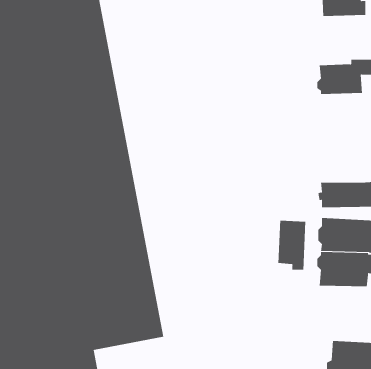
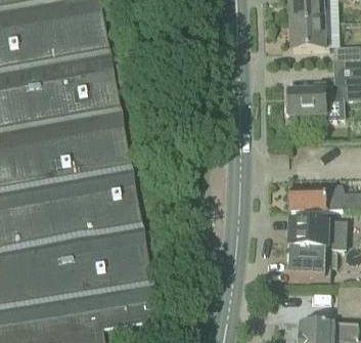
building: [278,220,306,270] -> none

